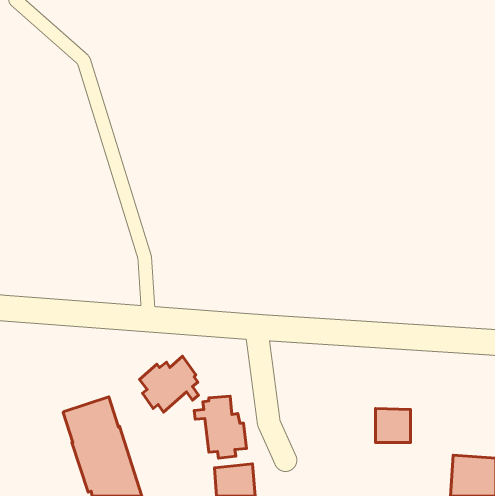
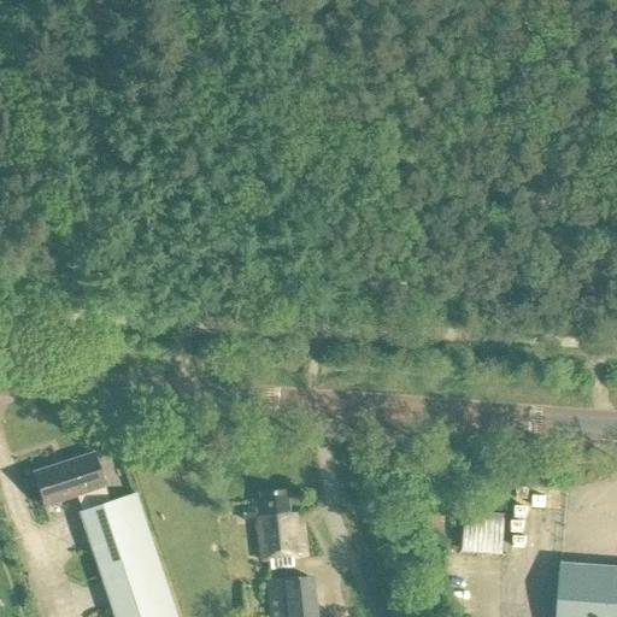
building: [140,356,199,412] -> none
building: none -> [36,456,107,507]

